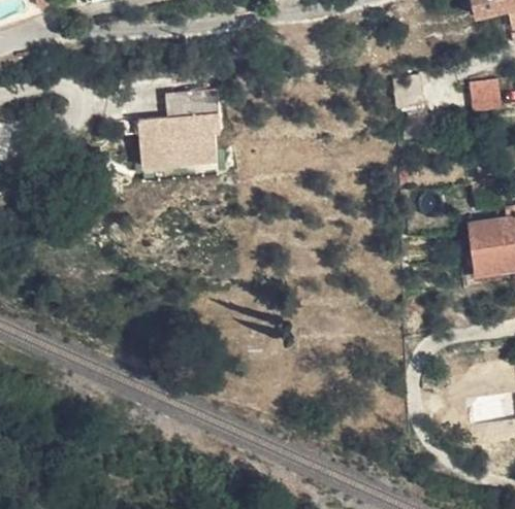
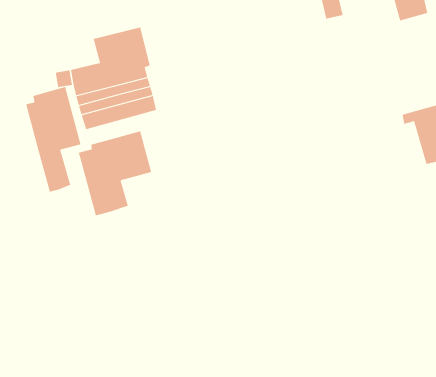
building: none -> [25,86,81,193]
building: none -> [78,131,152,216]

